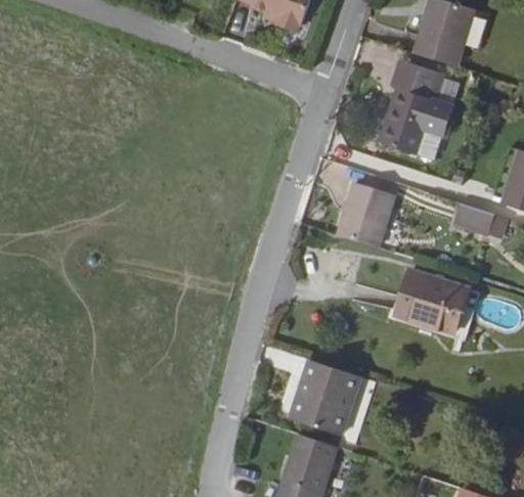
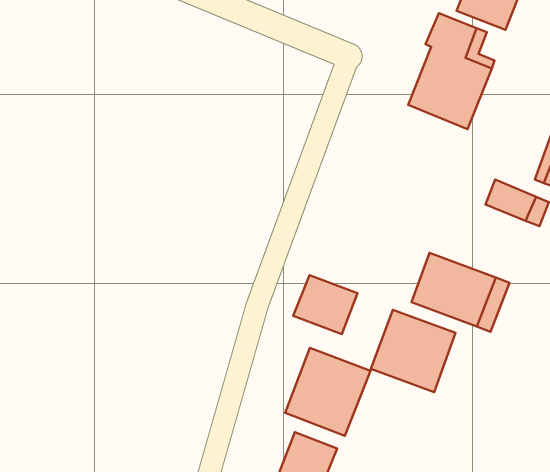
building: [337,180,394,245] -> none
building: none -> [293,275,357,334]
building: none -> [371,310,455,392]

